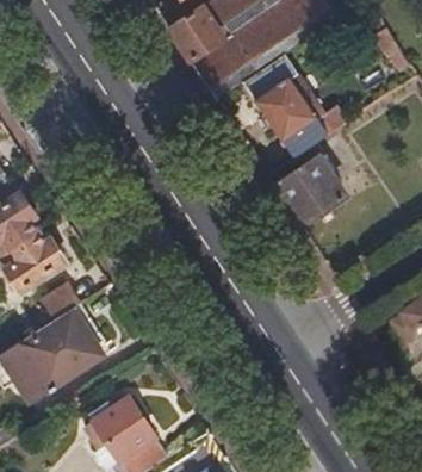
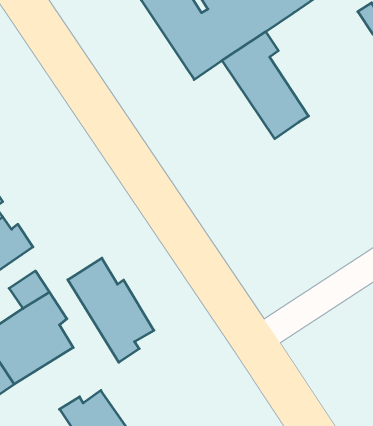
building: [267,141,346,224] -> none
building: none -> [68,258,154,362]

